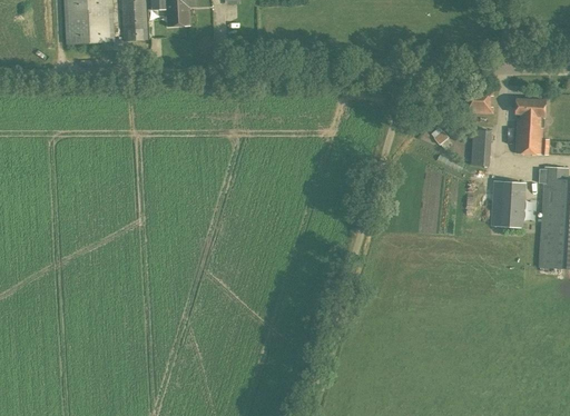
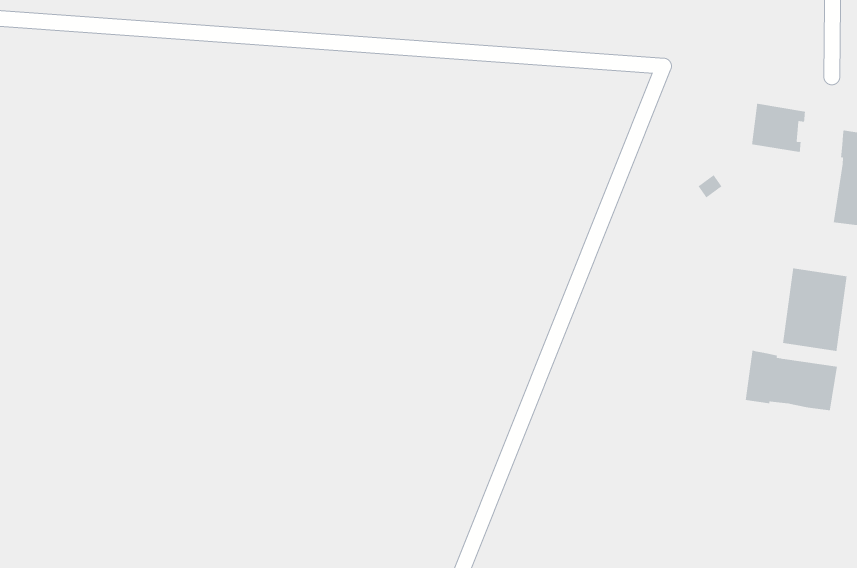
building: [471,129,491,166] -> none
building: none -> [745,350,838,411]

